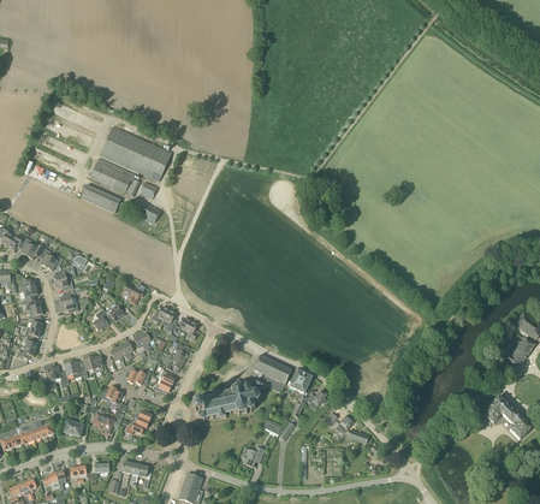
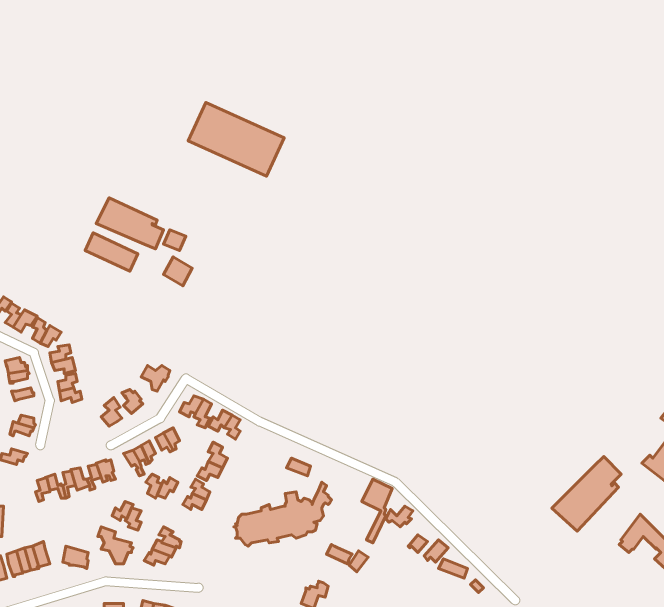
building: [100,125,172,180] -> [188,103,284,176]
building: none -> [552,456,621,531]
building: [253,355,291,392] -> none

